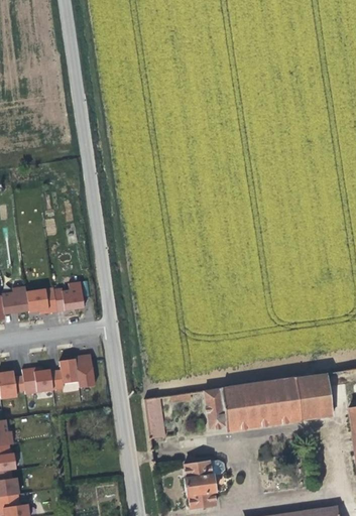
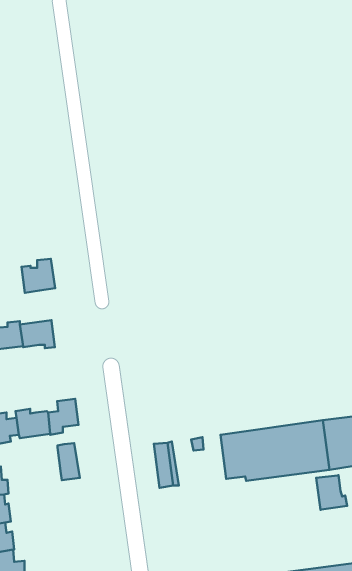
building: [52,282,83,312] -> [21,259,55,293]
building: [74,355,94,388] -> [57,443,80,480]
building: none -> [316,475,347,510]
building: [184,461,224,508] -> none

